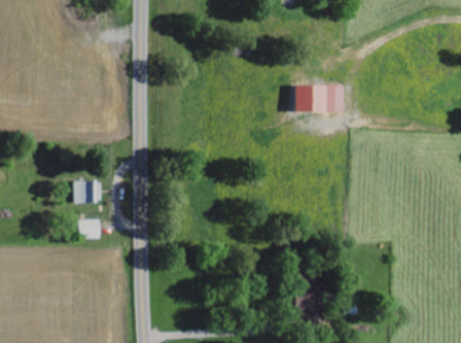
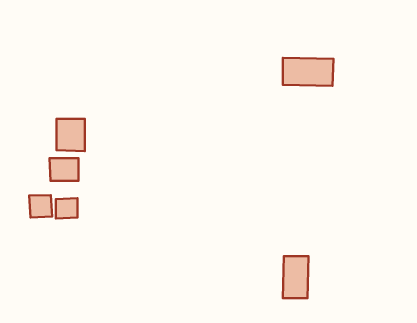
building: none -> [56,119,85,151]
building: none -> [29,195,52,217]

